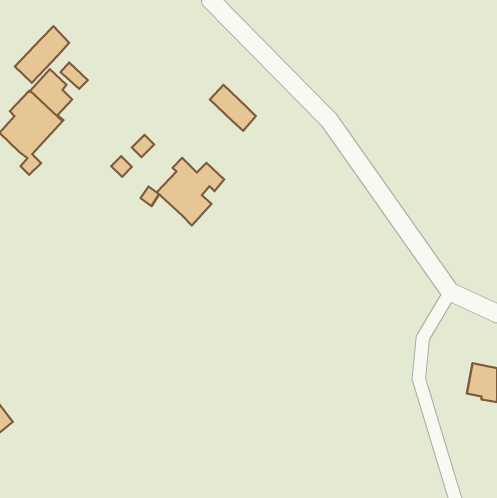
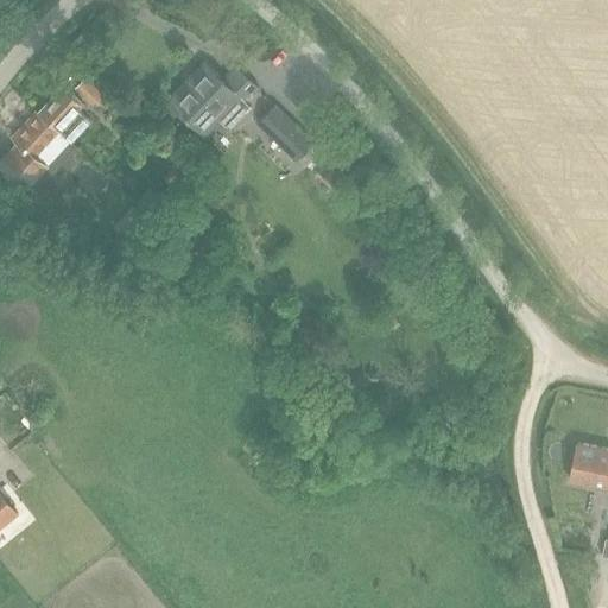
building: [15,26,69,83] -> none
building: [157,158,224,225] -> [172,62,254,144]

